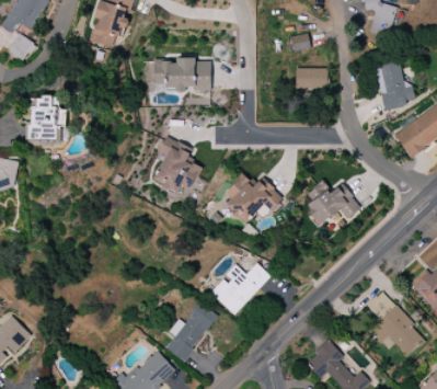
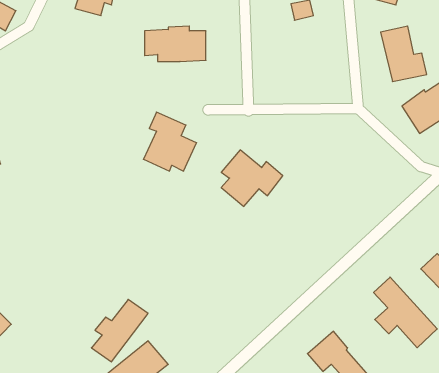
building: [296,68,329,88] -> none
building: [31,96,60,144] -> none
building: [304,181,363,226] -> none
building: [210,263,271,314] -> none
building: [165,302,218,361] -> [91,299,148,362]

